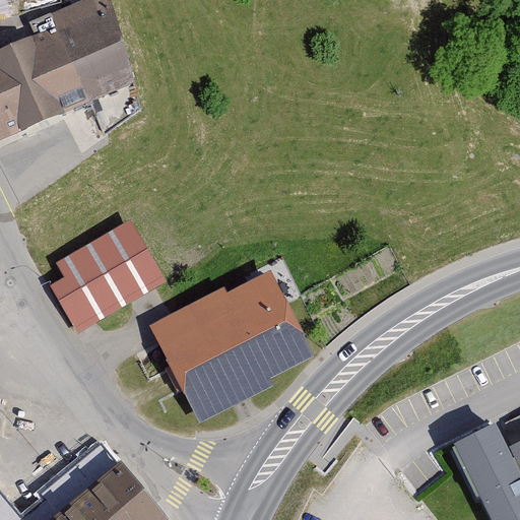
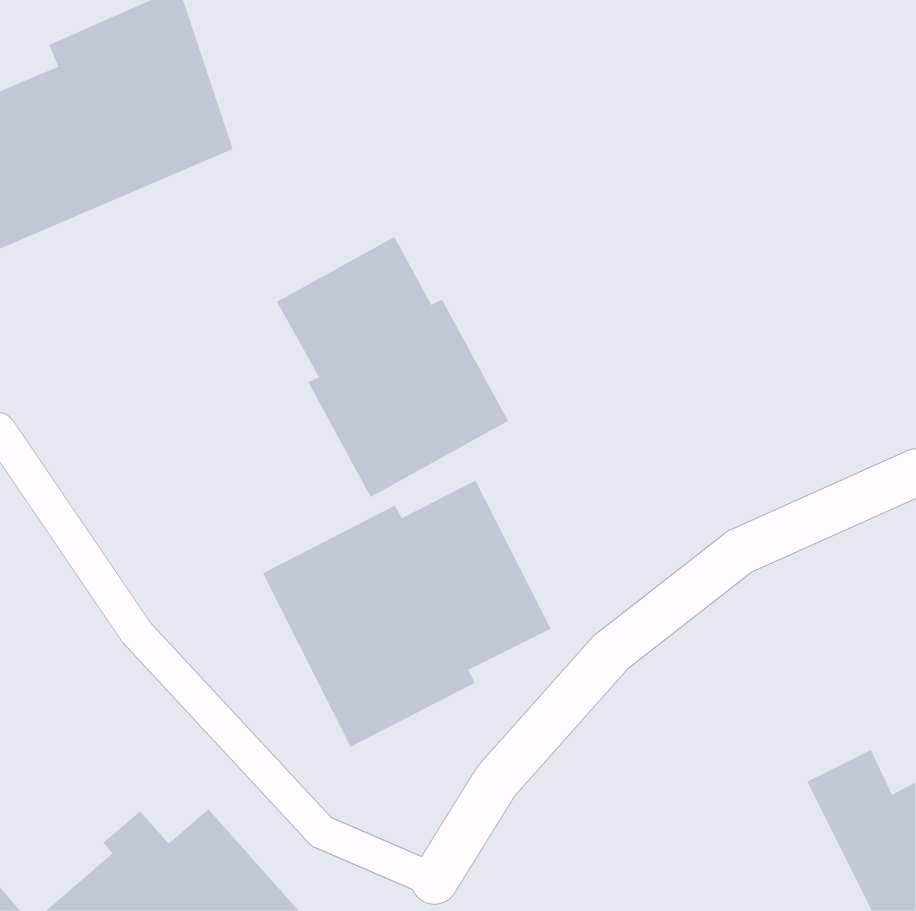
building: none -> [276,236,509,498]
building: [49,218,165,332] -> none

